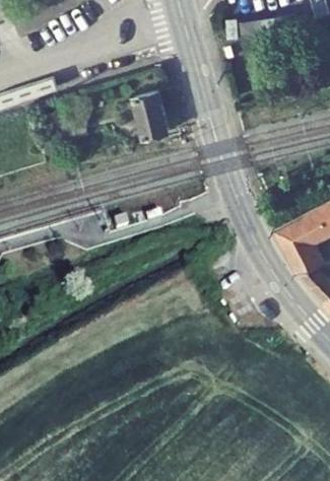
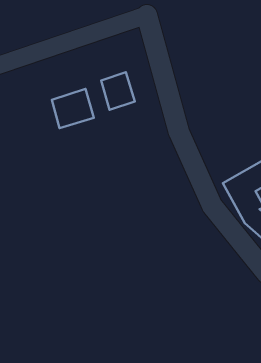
building: none -> [52,89,94,128]

